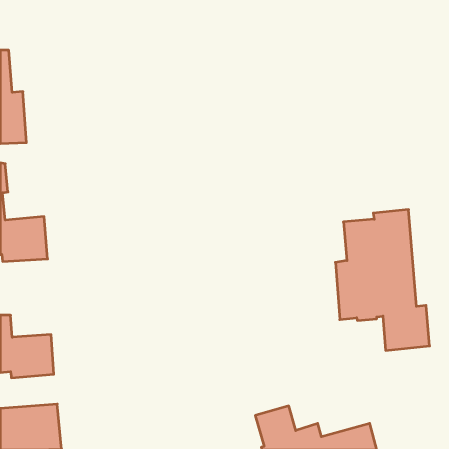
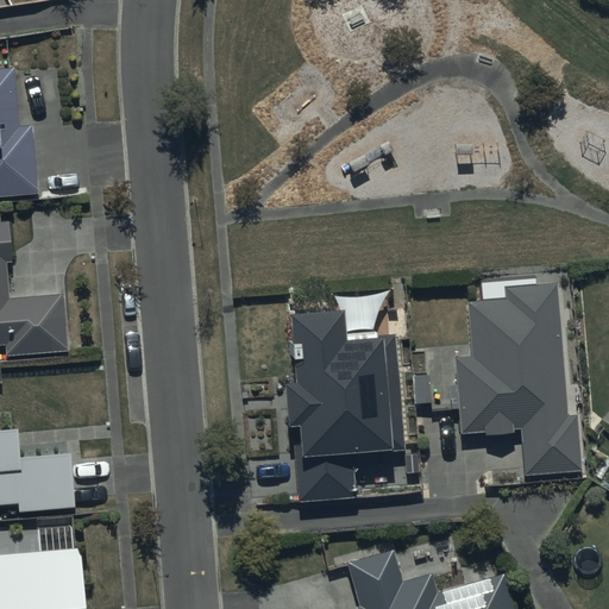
building: none -> [280,308,402,501]

